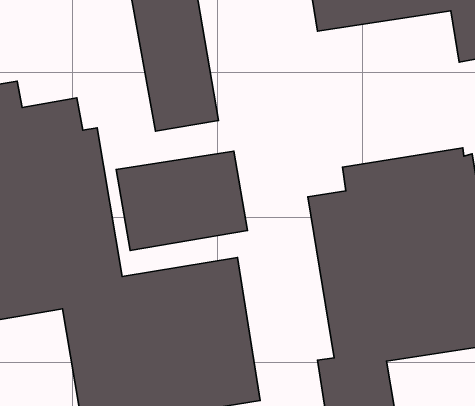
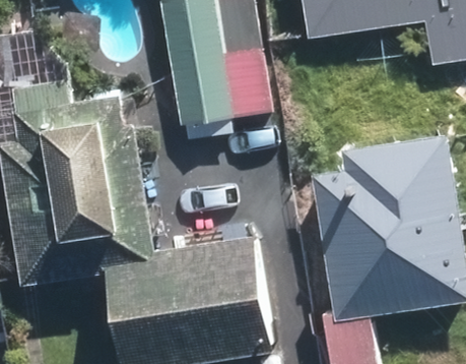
building: [116,151,247,251] -> none

